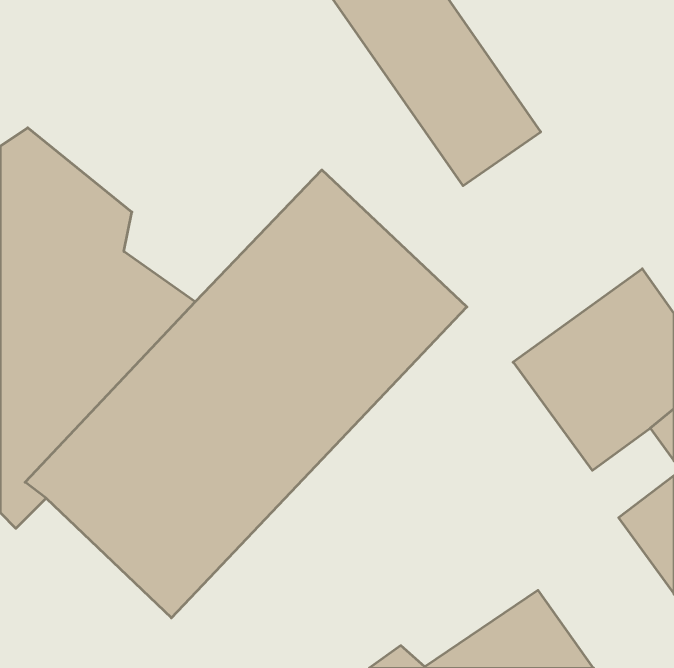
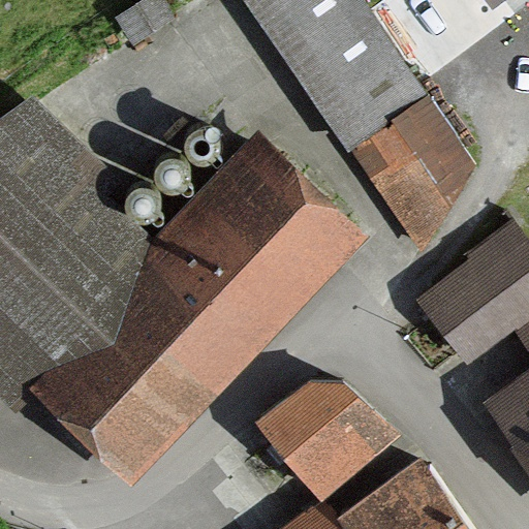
building: none -> [363,103,467,229]
building: none -> [254,382,398,505]

